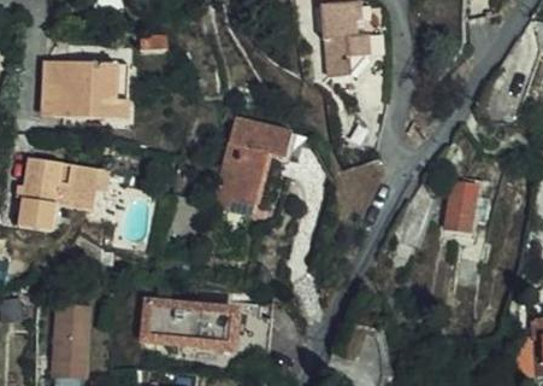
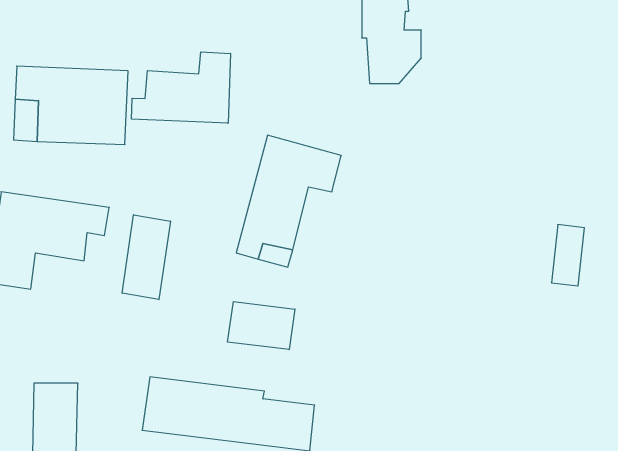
building: none -> [132,52,230,123]
building: none -> [122,215,170,300]
building: none -> [228,302,295,350]

